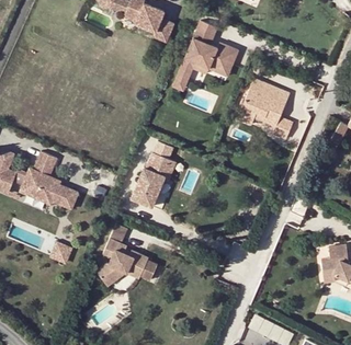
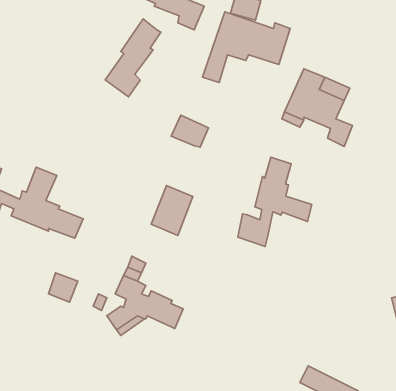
building: none -> [105,19,161,97]
building: none -> [238,157,312,246]
building: [146,154,176,180] -> [171,115,208,147]

